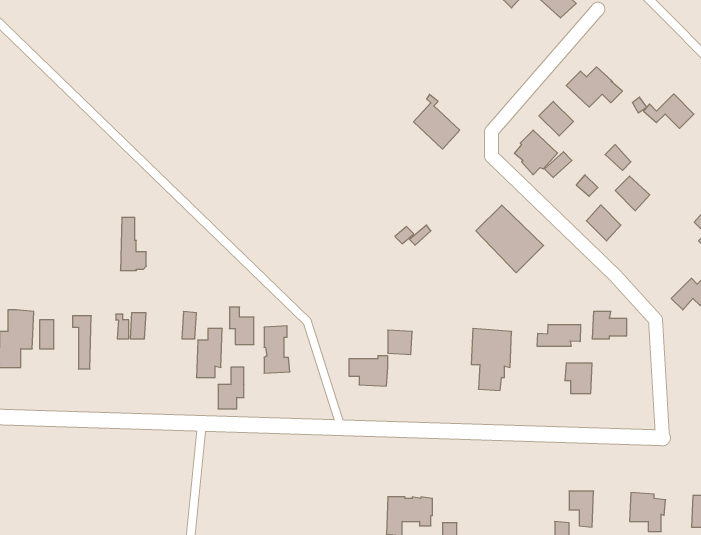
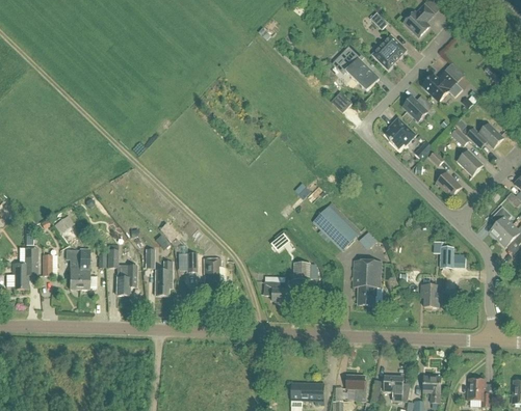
building: none -> [371,35,405,68]
building: [644,94,694,128] -> [466,121,502,146]
building: [414,94,460,149] -> [344,51,377,90]
building: [476,205,544,273] -> [312,201,361,250]
building: [120,217,146,271] -> [77,250,96,289]
building: none -> [489,204,512,238]
building: [537,324,581,346] -> none
building: [218,367,244,409] -> [115,265,134,295]
building: none -> [345,374,366,400]
building: none -> [384,376,410,401]

